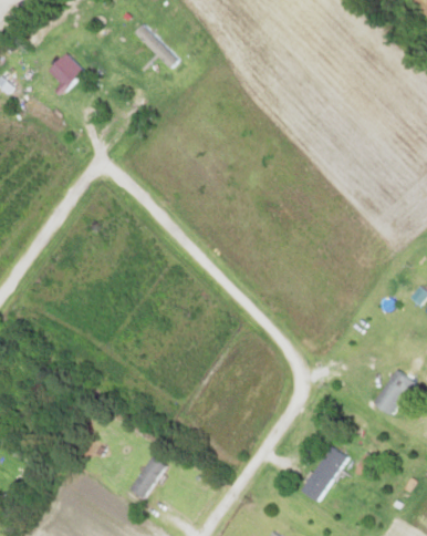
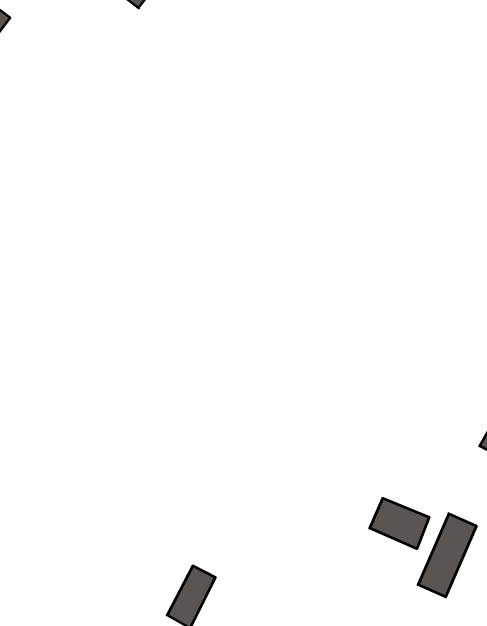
building: none -> [370,498,429,549]

